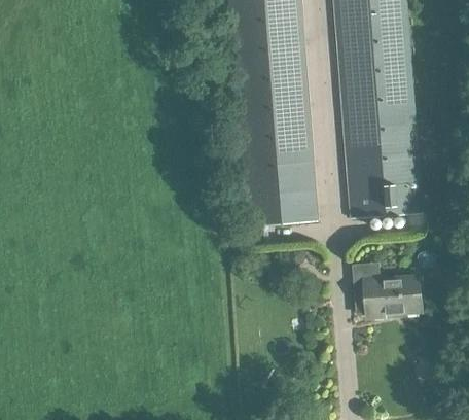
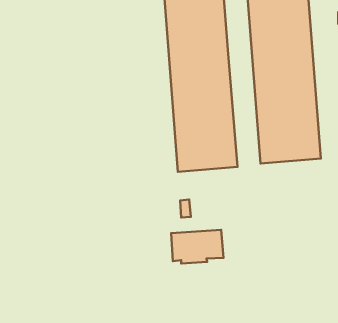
building: [355,274,421,316] -> [171,230,224,264]

